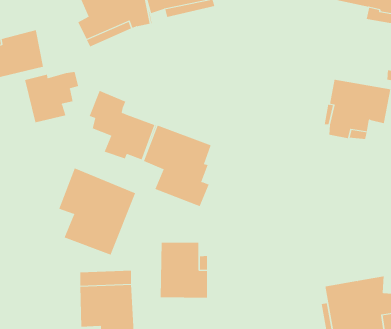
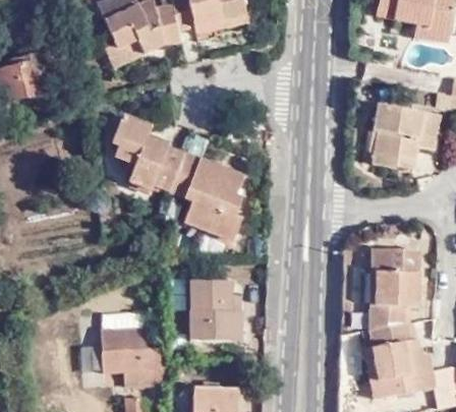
building: [25,71,79,123] -> none
building: [58,168,136,256] -> none
building: none -> [369,248,419,329]

